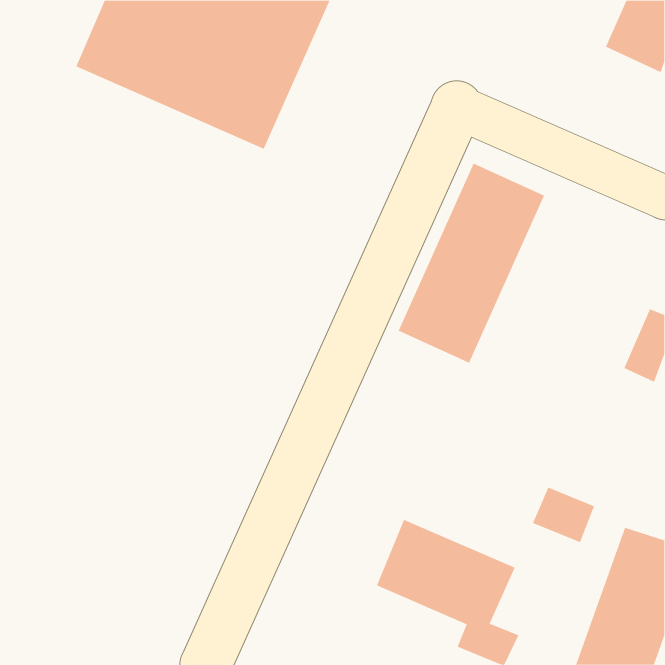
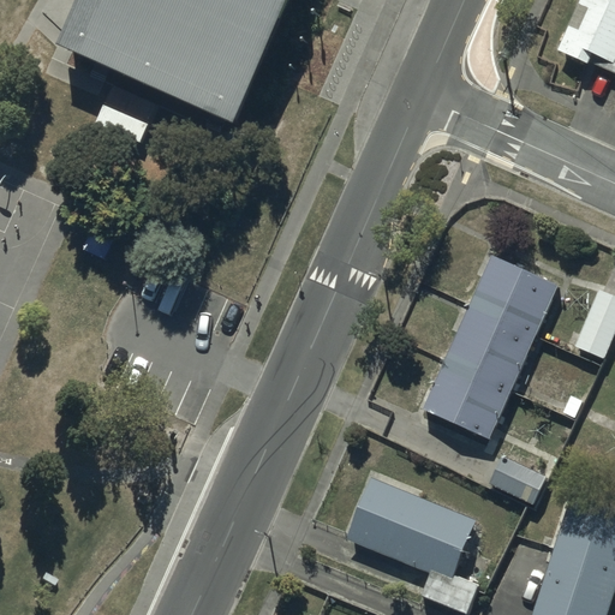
building: [398,163,545,363] -> [424,247,560,432]

